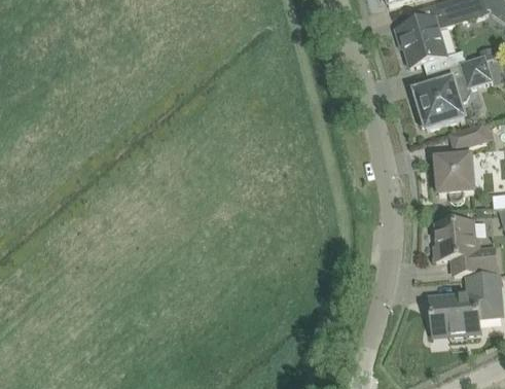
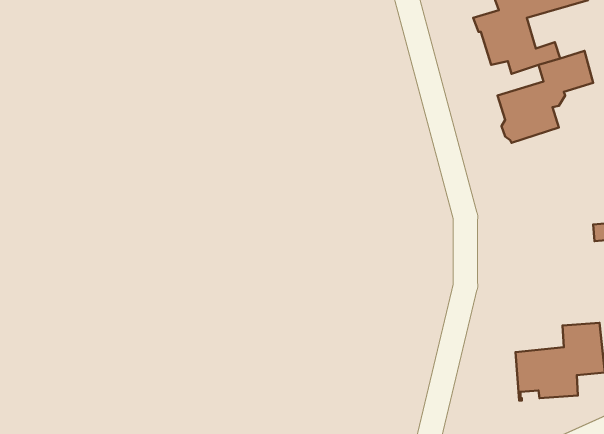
building: [435,121,486,201] -> none
building: [435,219,496,272] -> none

